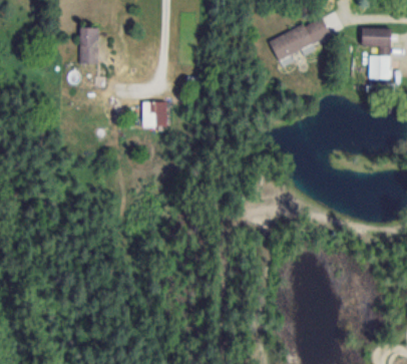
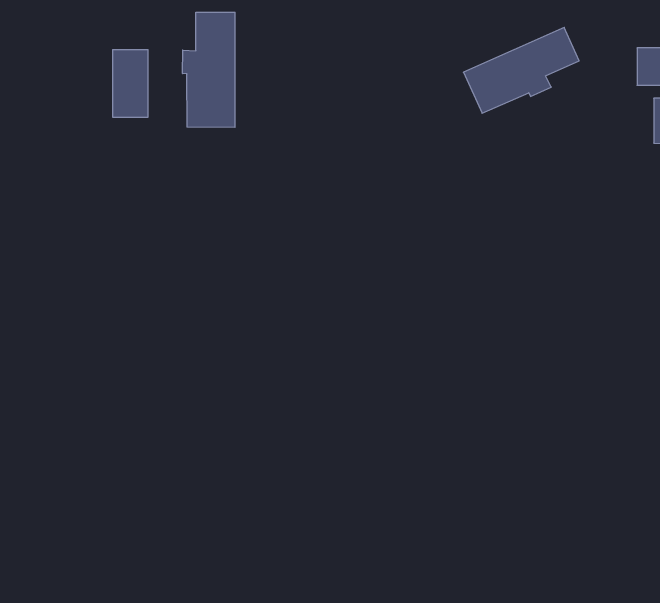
building: none -> [183,12,235,127]
building: [141,102,166,126] -> none

